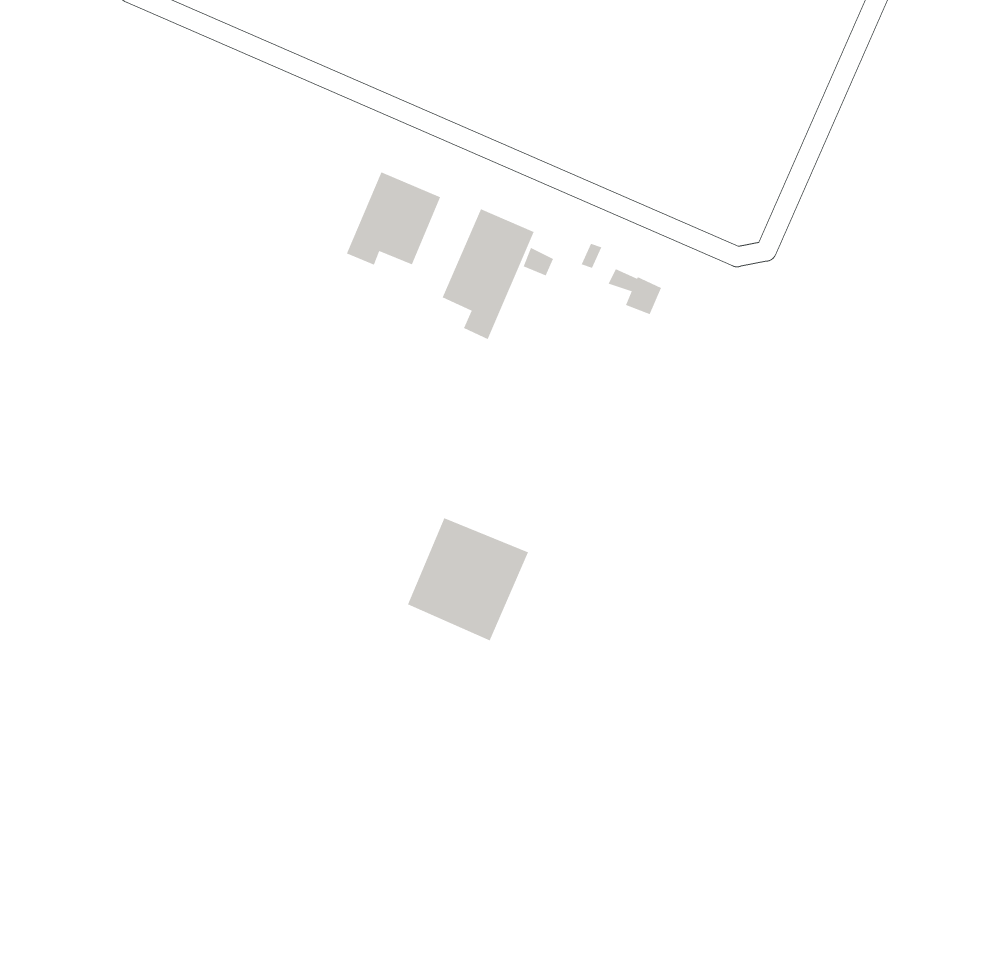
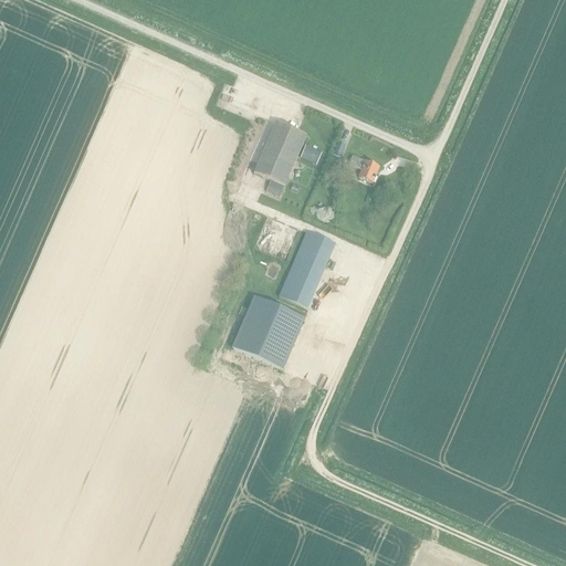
building: [346,171,441,265] -> none
building: none -> [279,229,335,306]

